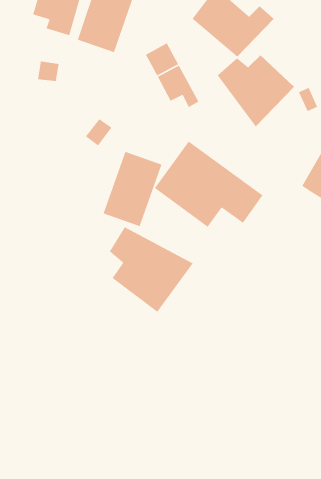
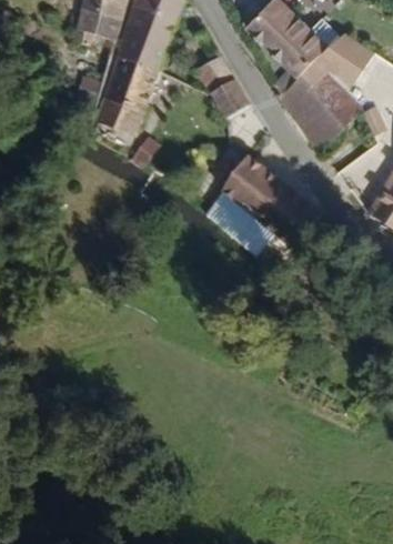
building: none -> [319,29,375,80]
building: [103,151,162,227] -> [97,52,162,135]
building: [109,226,194,313] -> none

